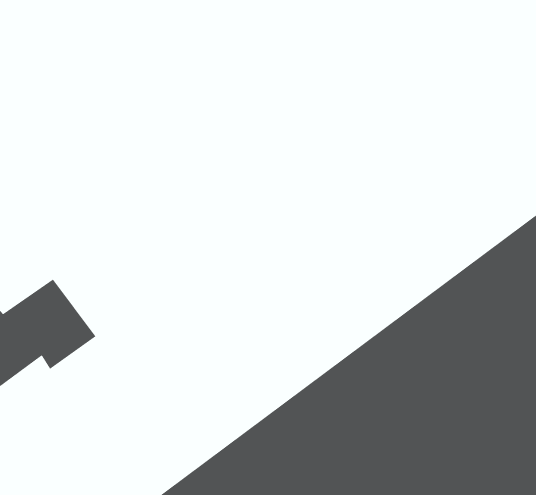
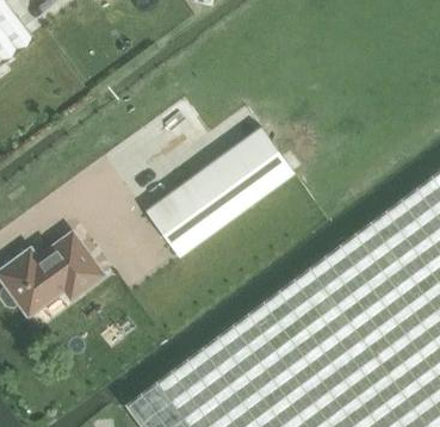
building: none -> [145,126,295,256]

